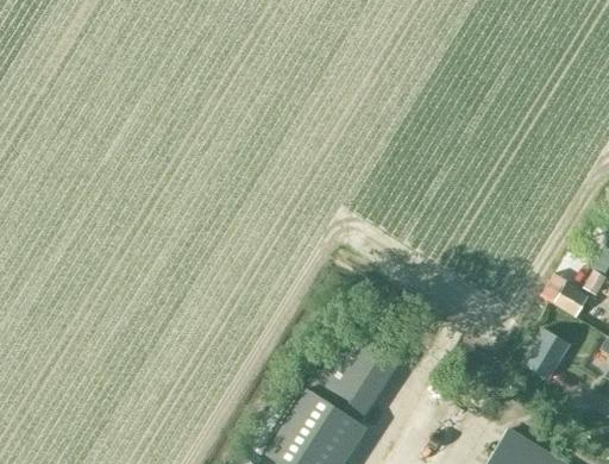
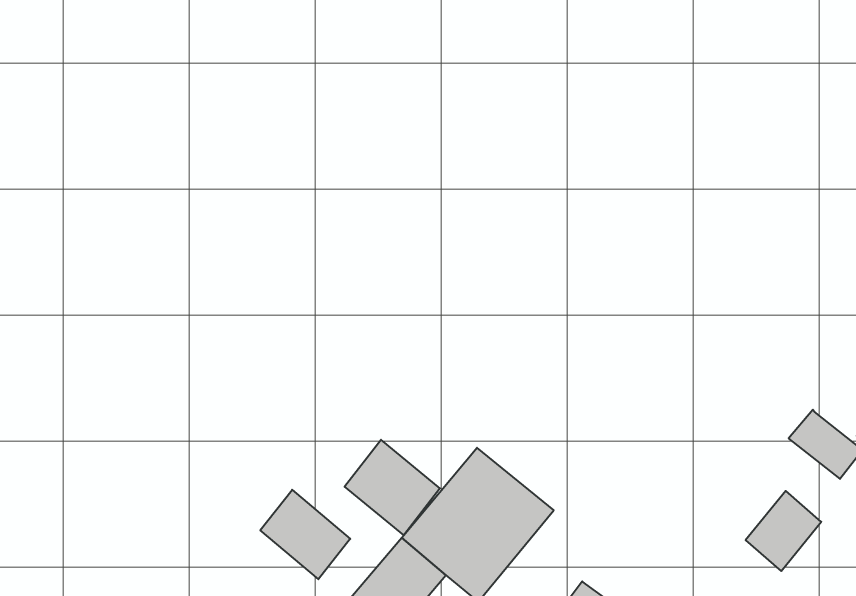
building: none -> [345,440,440,535]
building: none -> [260,490,350,579]

